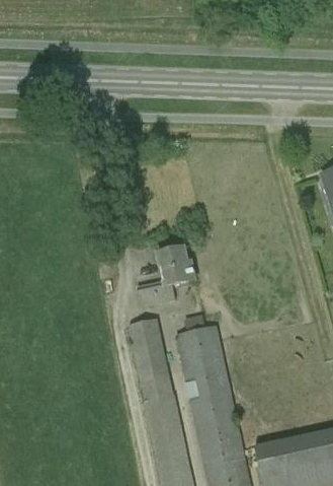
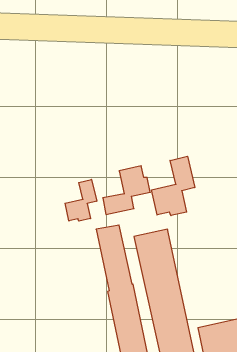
building: none -> [152,156,195,216]
building: none -> [65,179,97,221]

